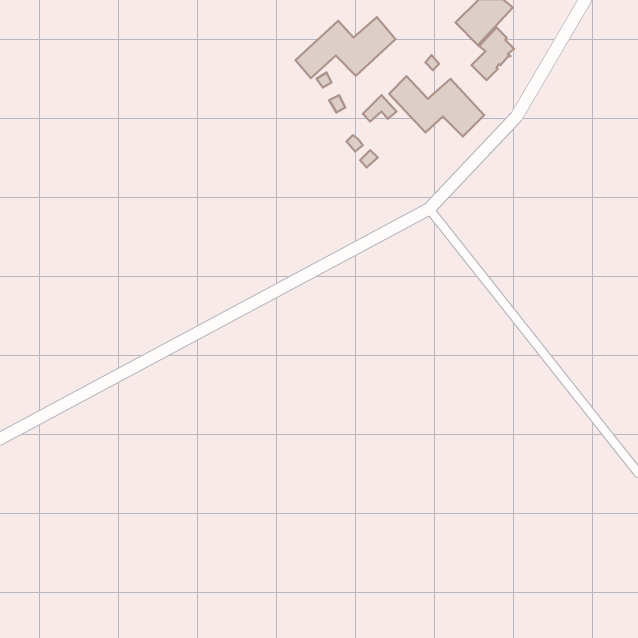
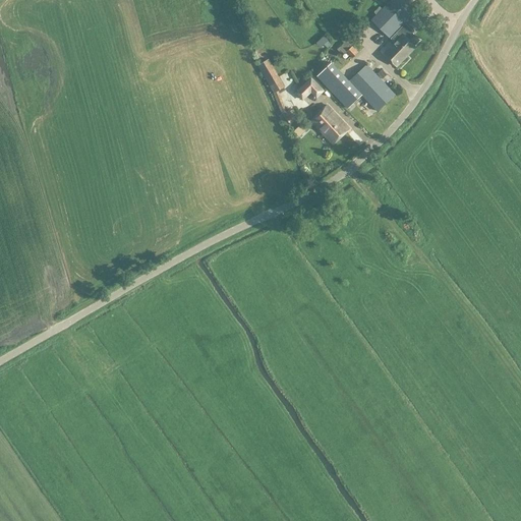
building: [295,17,395,78] -> none
building: none -> [309,105,348,143]

